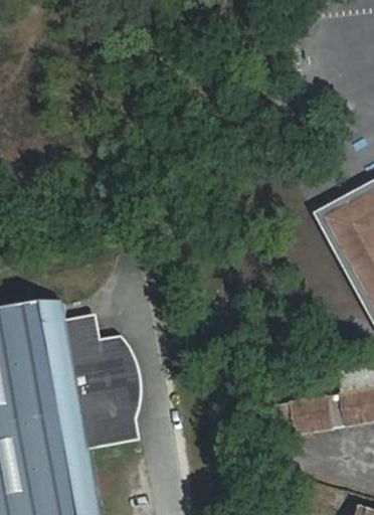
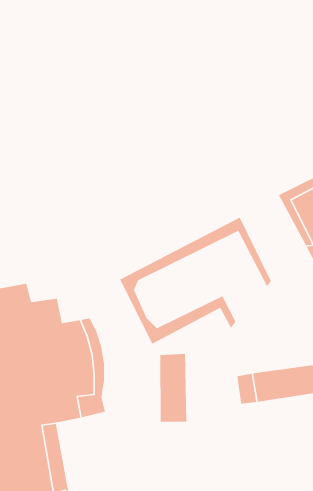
building: none -> [119,216,272,345]
building: none -> [159,353,187,422]

